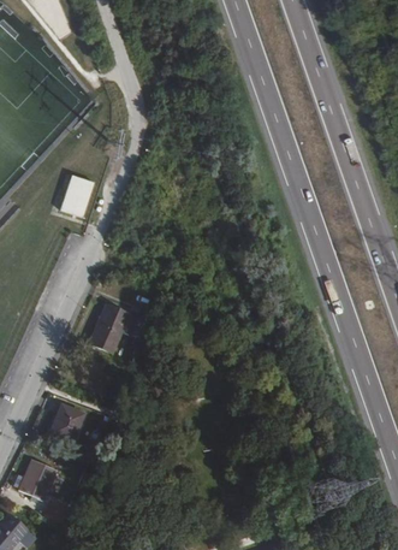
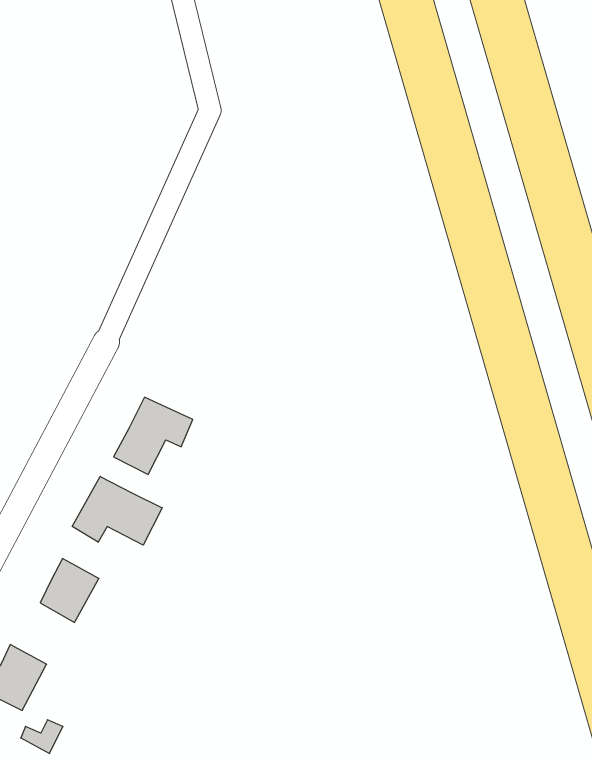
building: [59,176,93,218] -> none
building: none -> [72,476,162,545]

